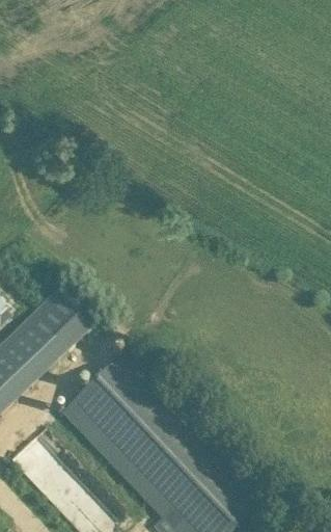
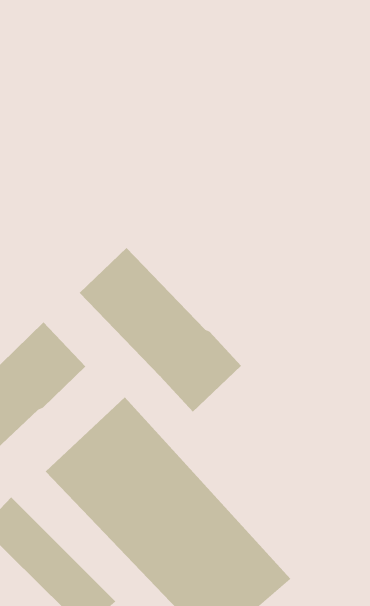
building: none -> [79,247,242,413]

